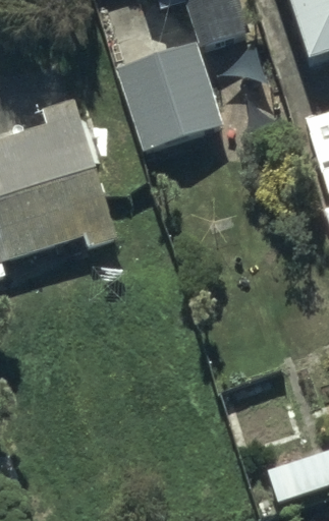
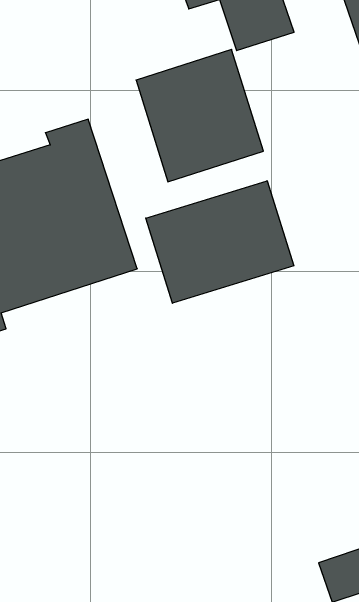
building: none -> [146,181,294,303]

